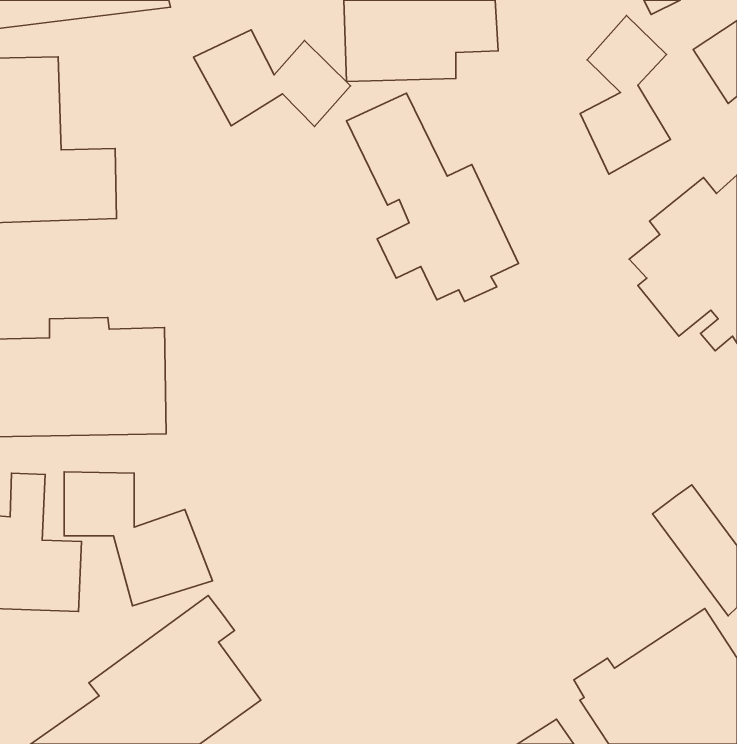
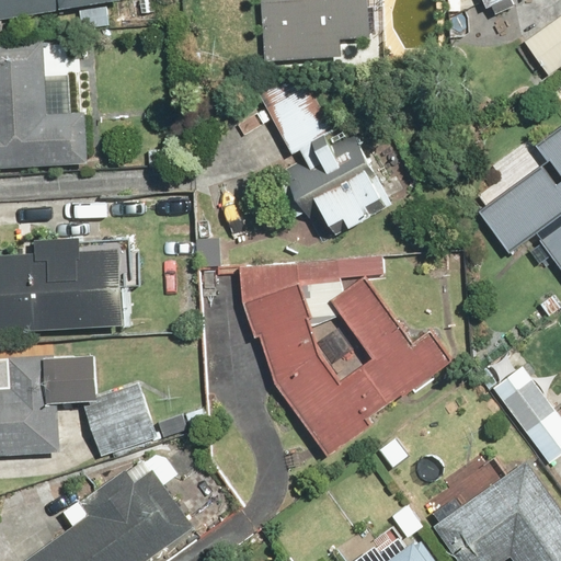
building: [580,15,671,174] -> none
building: [193,30,350,127] -> none
building: none -> [239,254,450,456]

